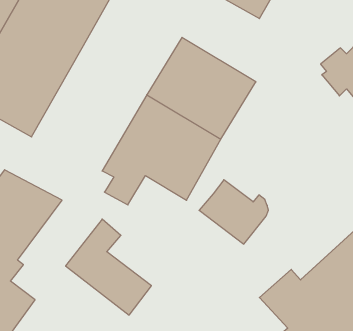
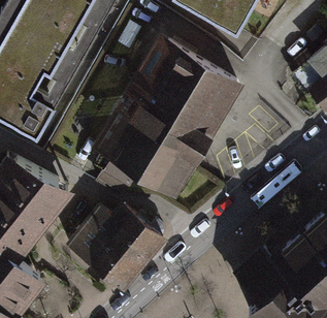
building: [199,180,268,244] -> [104,210,165,266]

